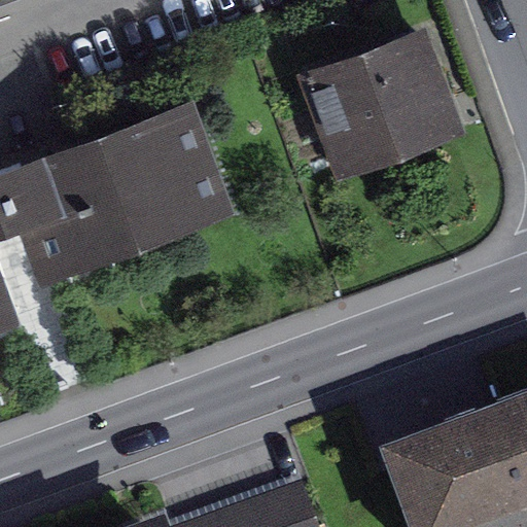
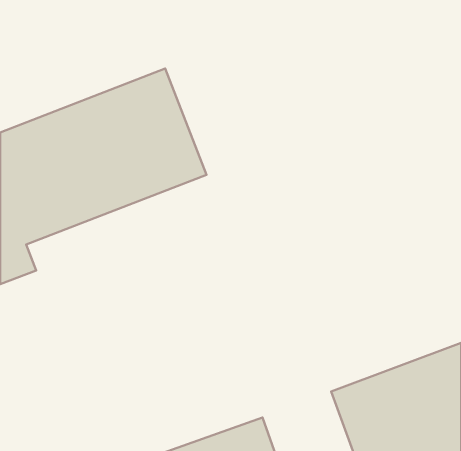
building: [314,37,462,179] -> none

